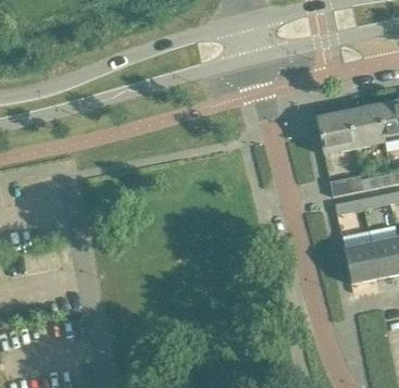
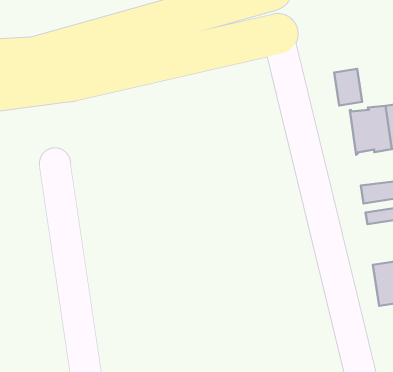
building: none -> [334,69,362,105]

